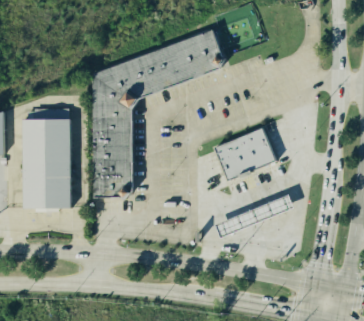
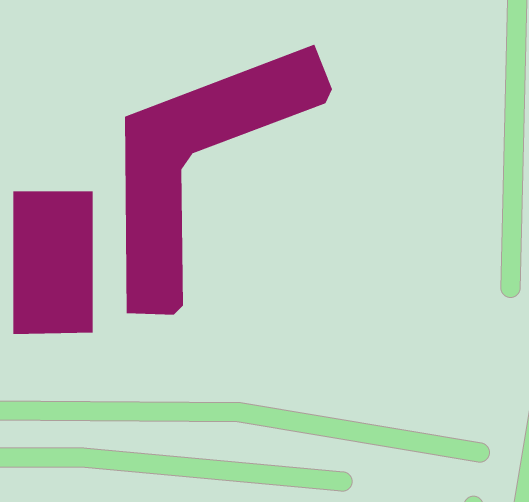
building: [214,128,275,179] -> none
building: [219,196,298,238] -> none

